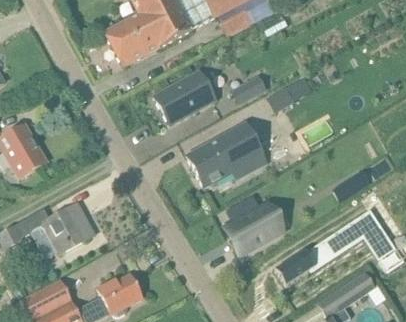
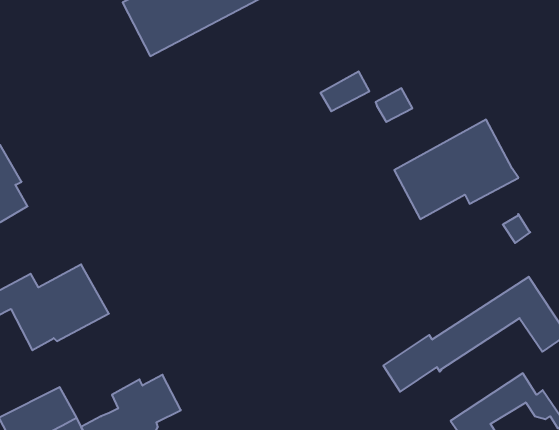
building: [154,70,216,125] -> none
building: [187,122,268,187] -> [394,120,518,219]
building: [226,194,277,253] -> none

